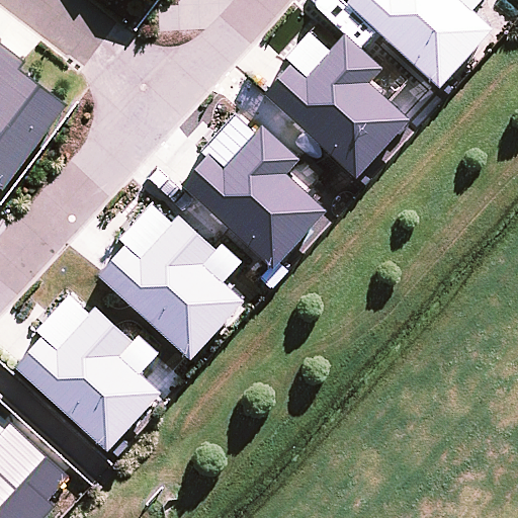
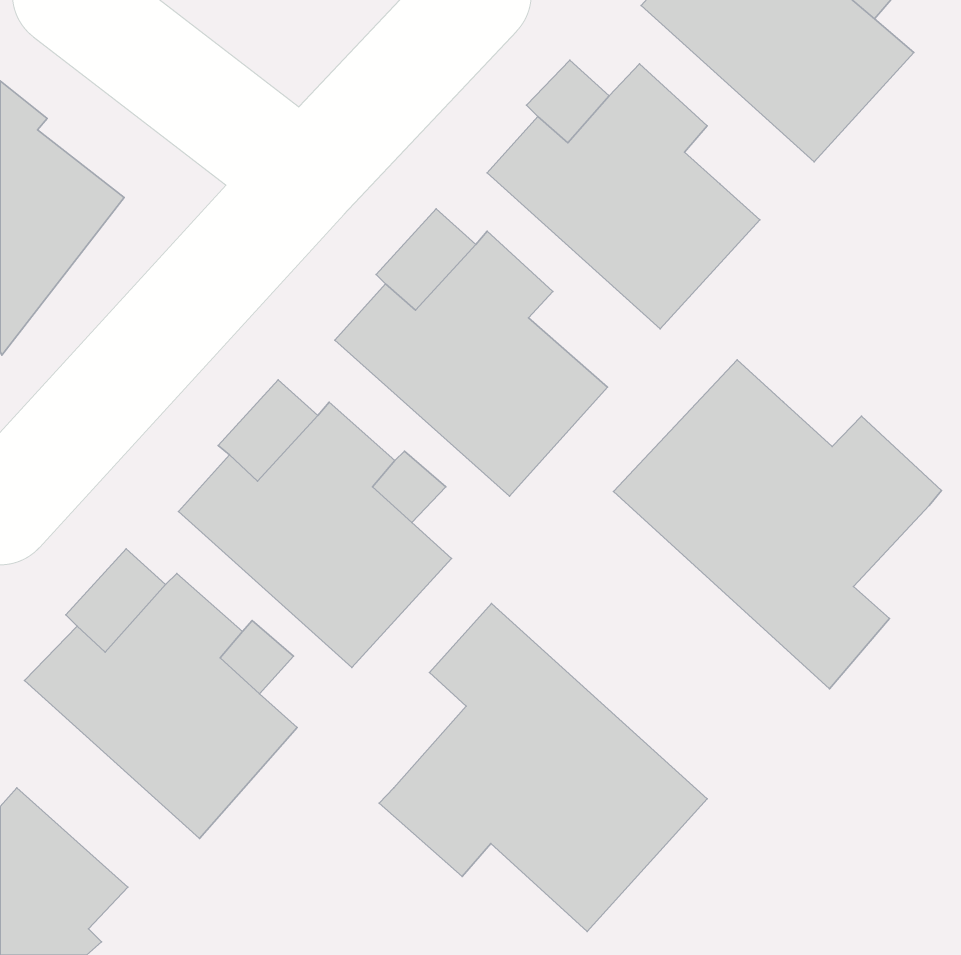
building: none -> [613,360,941,689]
building: none -> [379,604,707,932]

